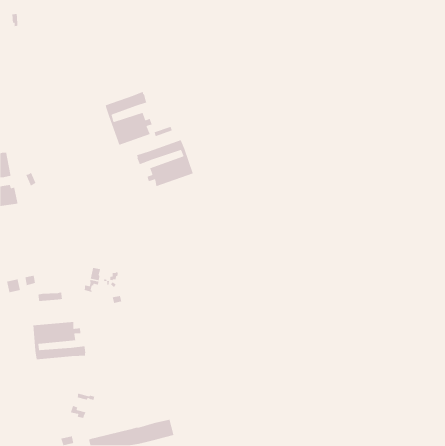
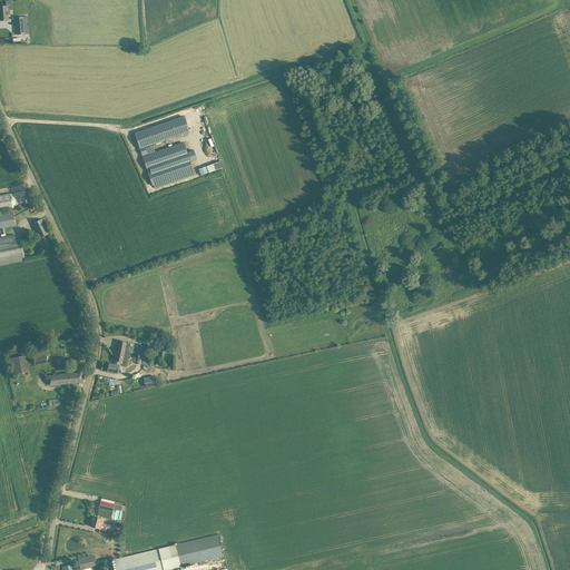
building: [136,139,194,187] -> none
building: [32,321,86,360] -> none

